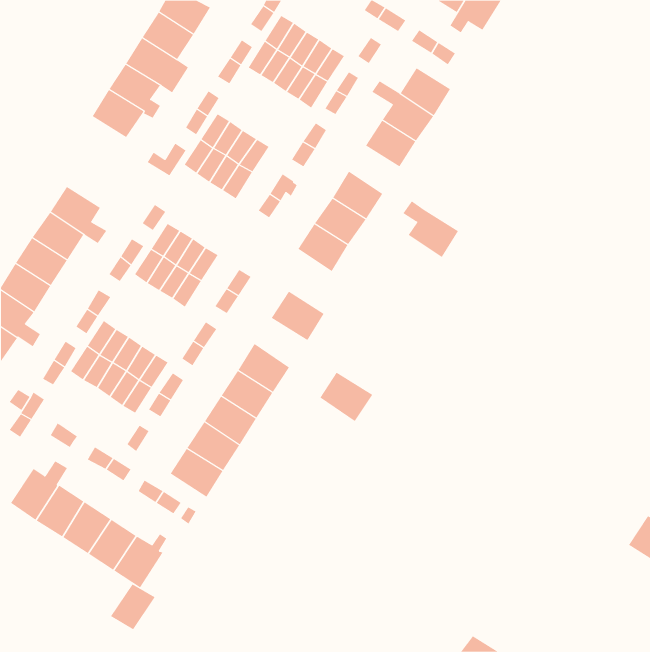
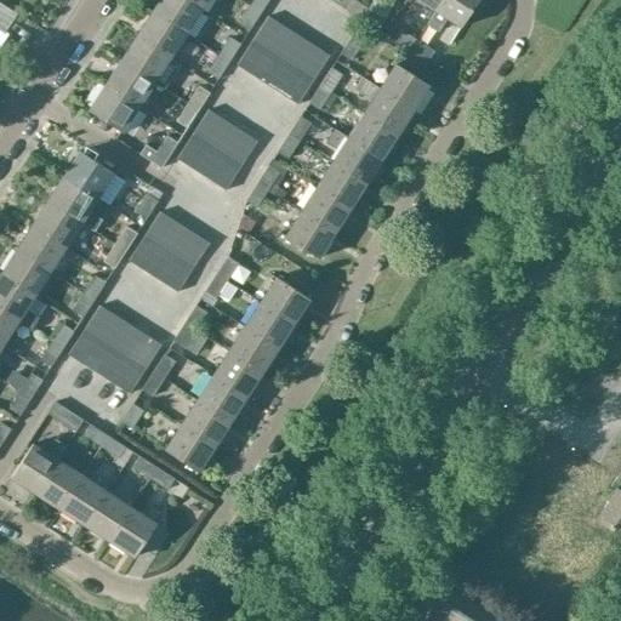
building: none -> [65,152,114,198]
building: [403,200,459,258] -> [329,130,382,184]
building: [320,372,373,422] -> [244,302,295,349]
building: [110,583,155,630] -> none

